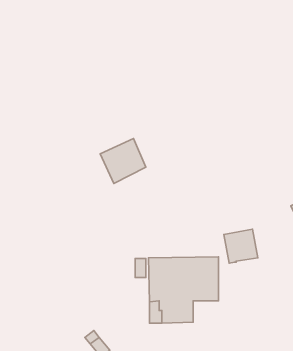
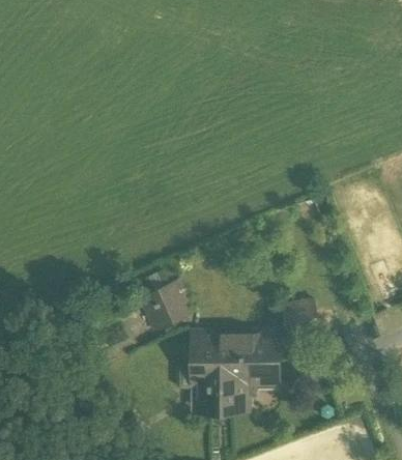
building: [100,139,146,183] -> [140,281,193,333]

